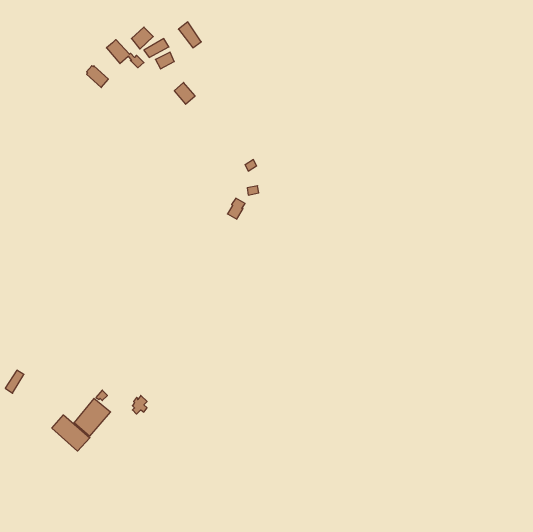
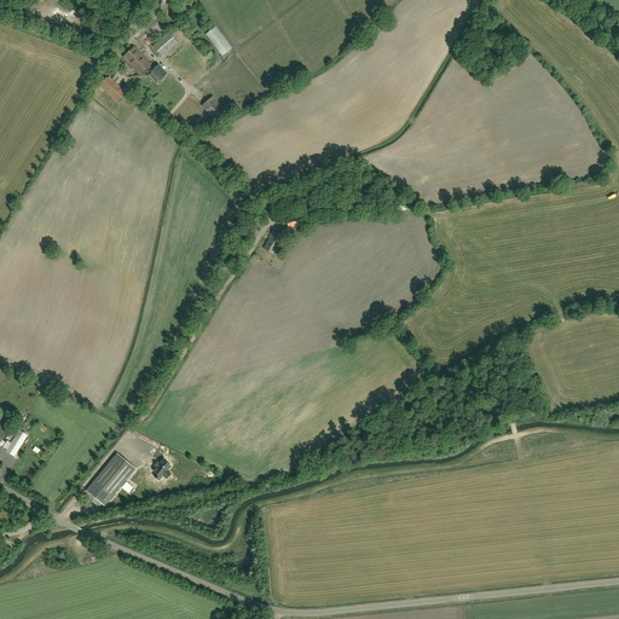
building: [52,415,90,451] -> none

